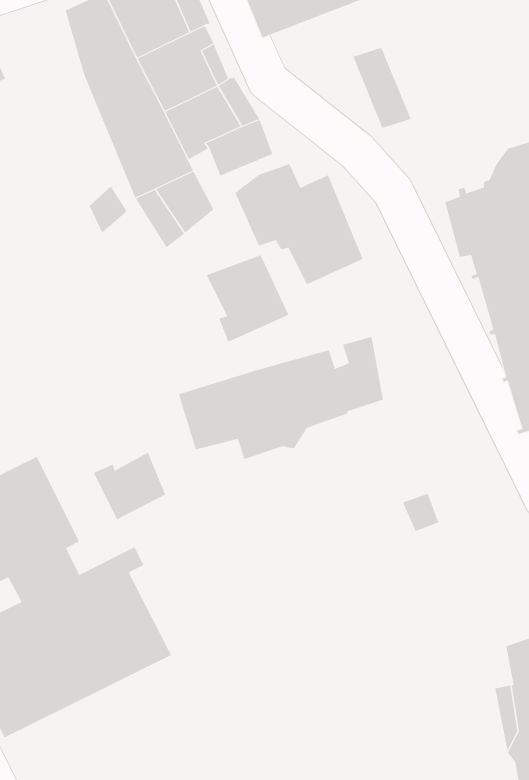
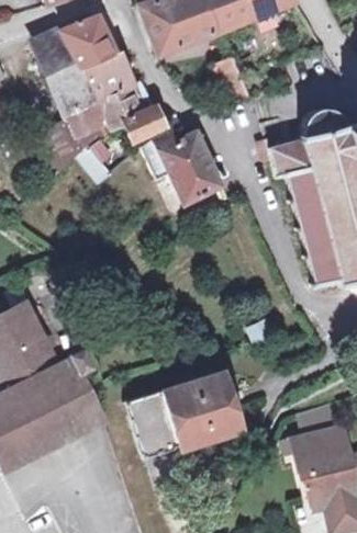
building: [206,254,289,343] -> none
building: [178,336,383,460] -> none
building: [93,452,166,520] -> none
building: none -> [124,373,236,457]

